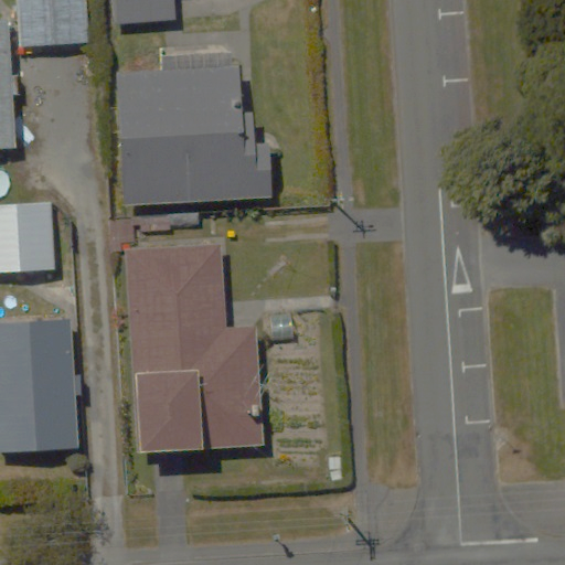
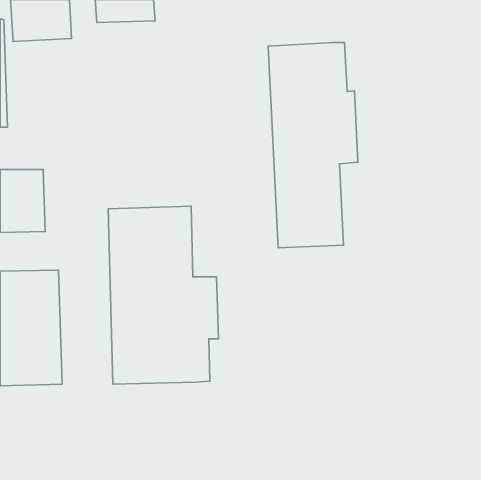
building: none -> [268,43,358,248]
building: [119,65,259,204] -> none

